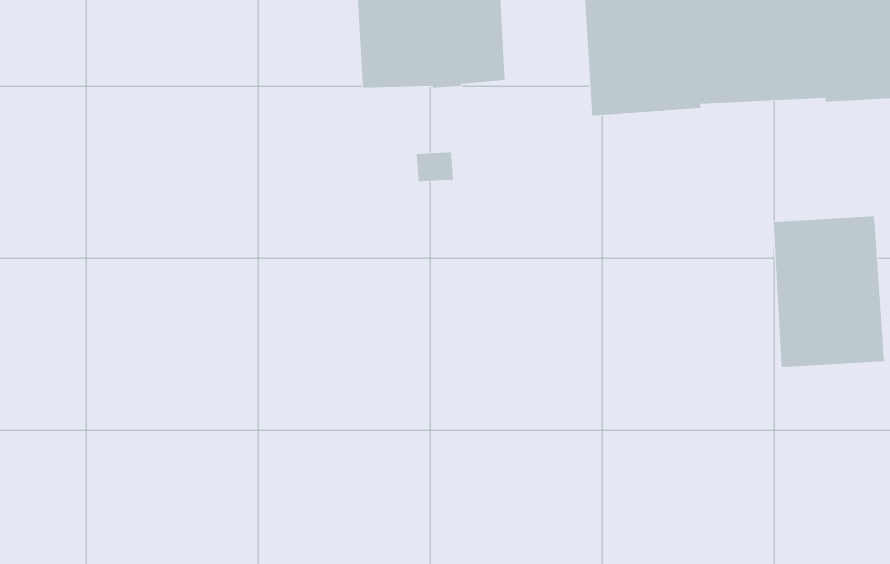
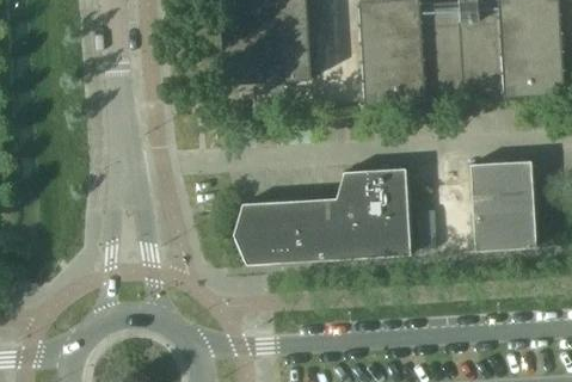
building: none -> [234,167,411,264]

